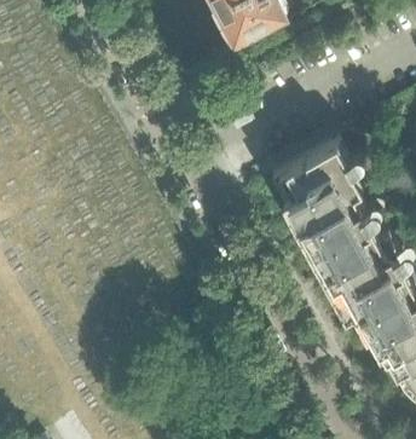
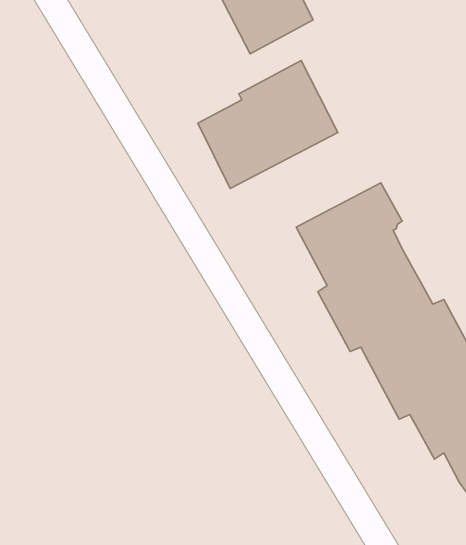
building: none -> [198,60,338,188]

